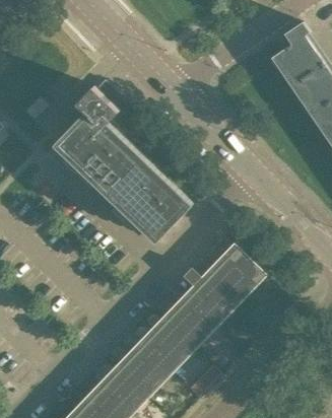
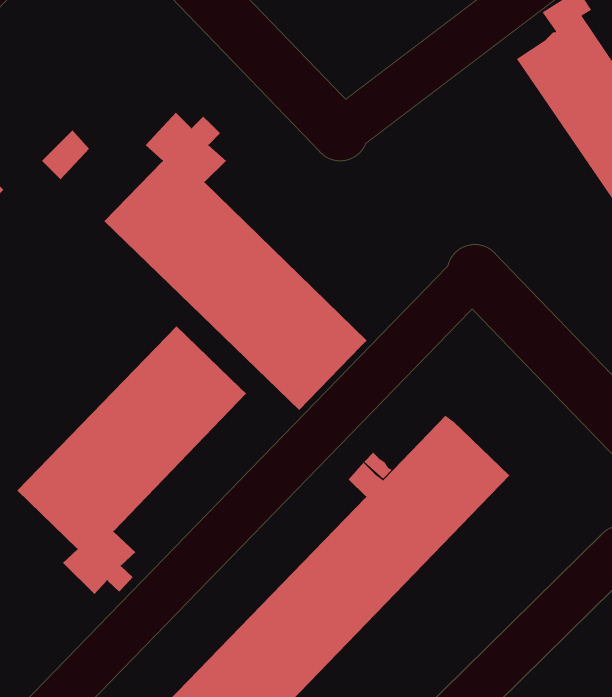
building: none -> [16,325,247,595]

